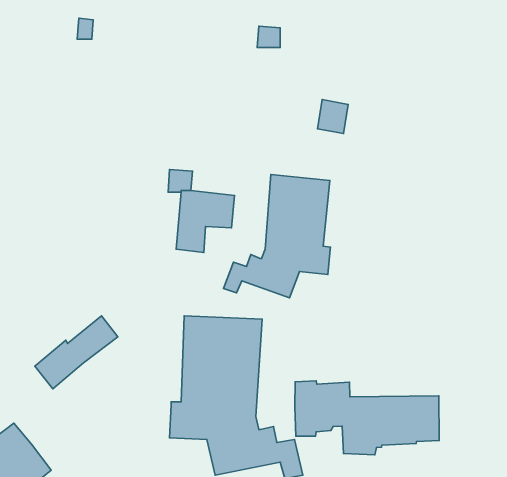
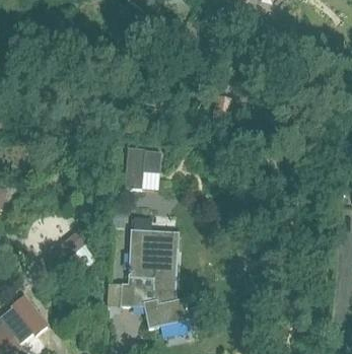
building: [223,174,330,298] -> none
building: [295,381,439,455] -> none

